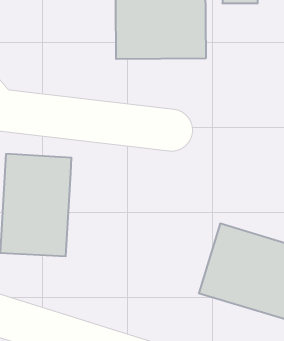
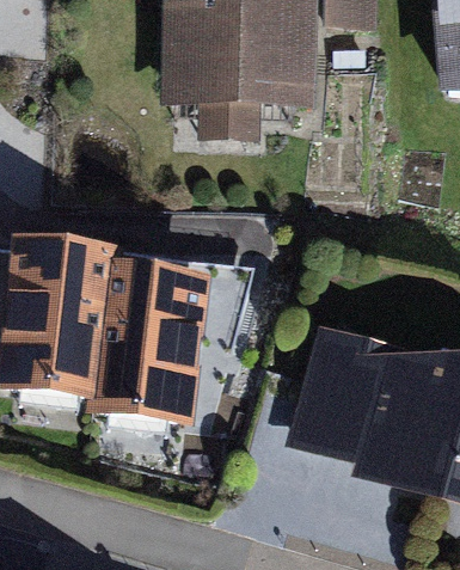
building: none -> [102,283,207,434]

